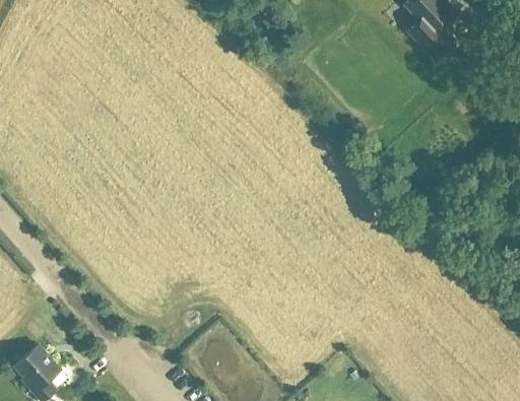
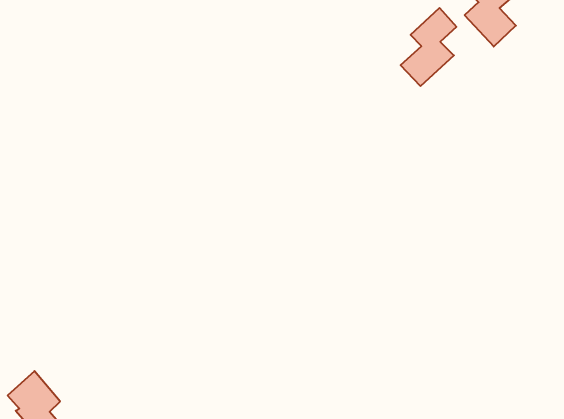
building: none -> [401,8,456,86]

